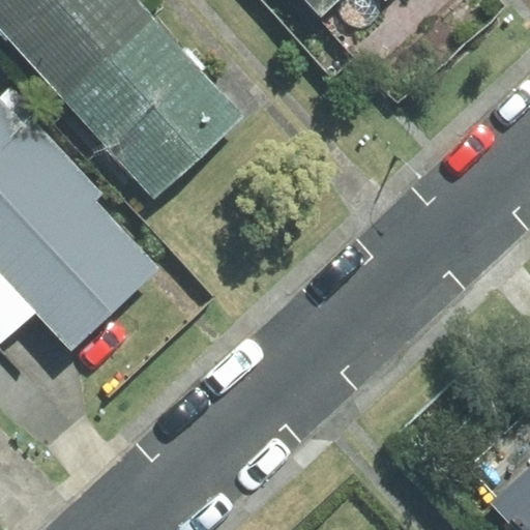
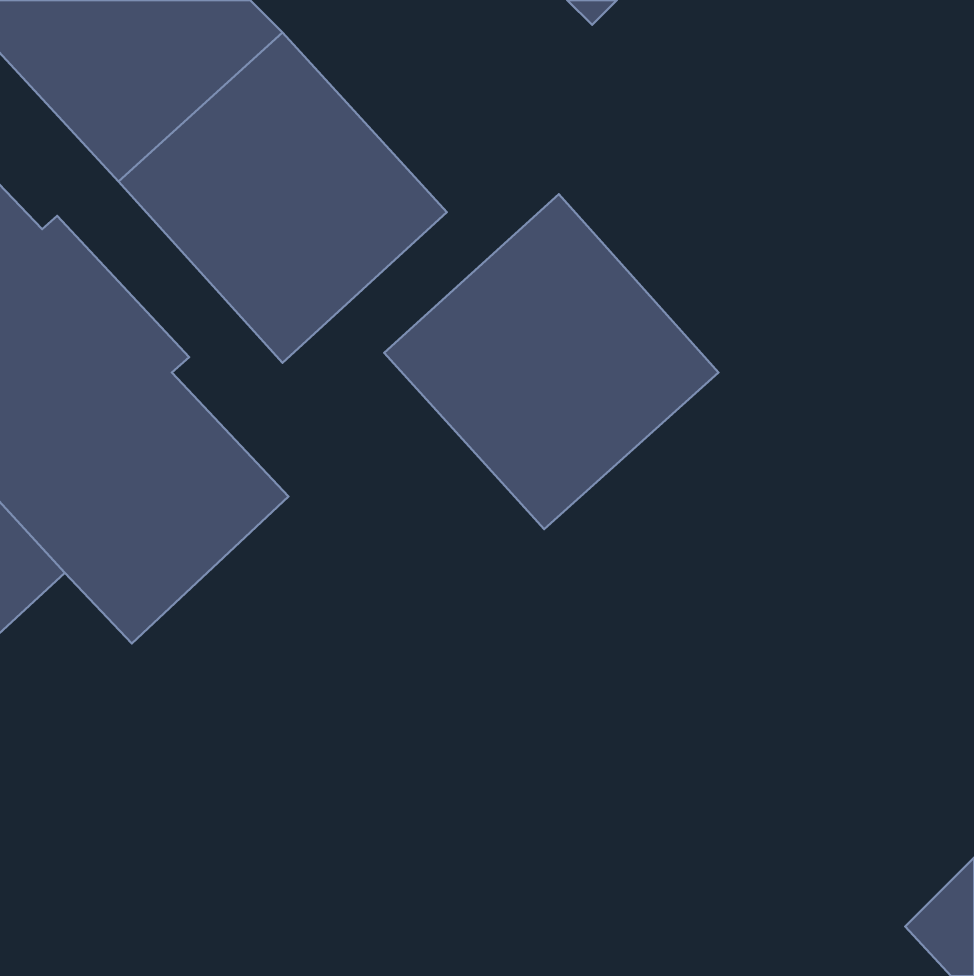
building: none -> [384,194,719,529]

